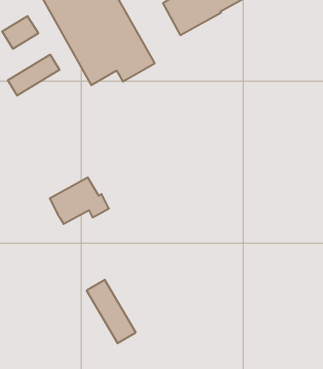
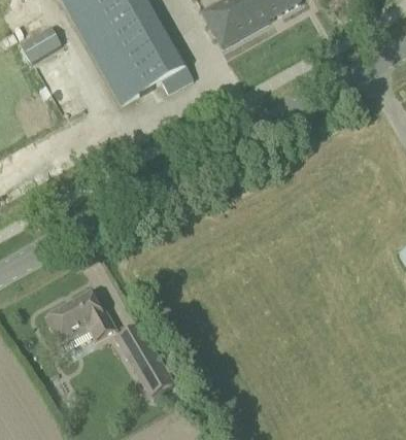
building: [8,55,59,96] -> none
building: [50,178,109,224] -> [46,295,113,347]

